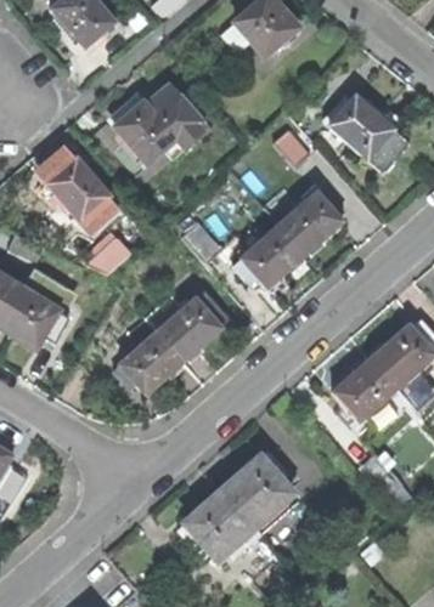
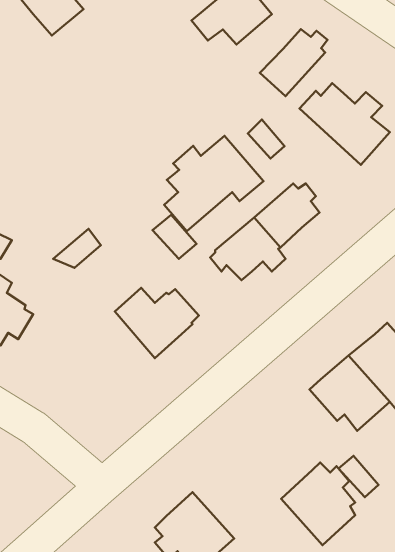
building: none -> [260,29,327,96]
building: [111,84,207,176] -> [164,136,263,231]
building: [46,154,108,222] -> none
building: [113,317,184,393] -> none
building: [220,454,292,534] -> [281,462,355,545]

